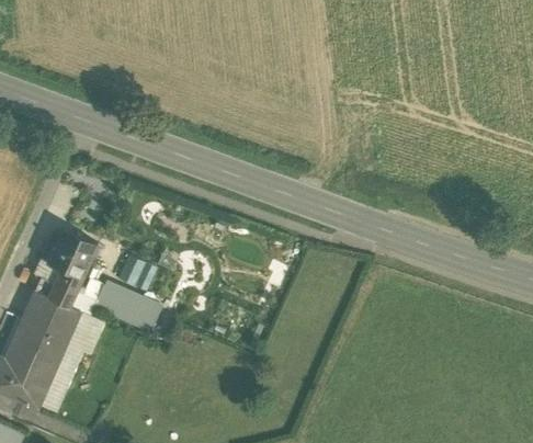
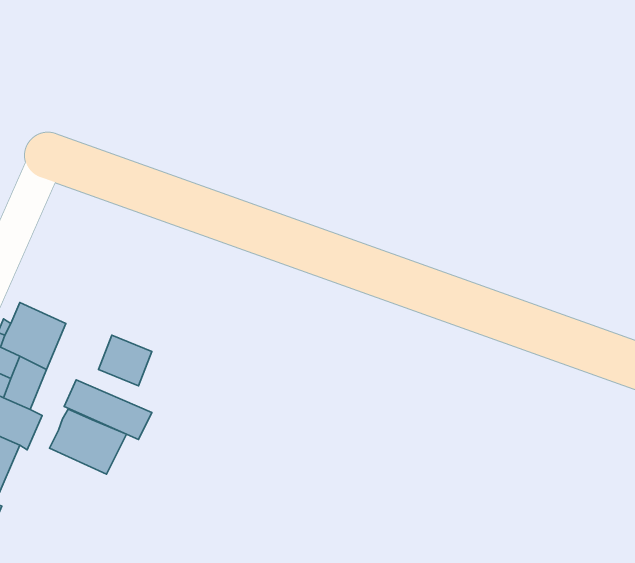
building: none -> [50,409,127,474]

